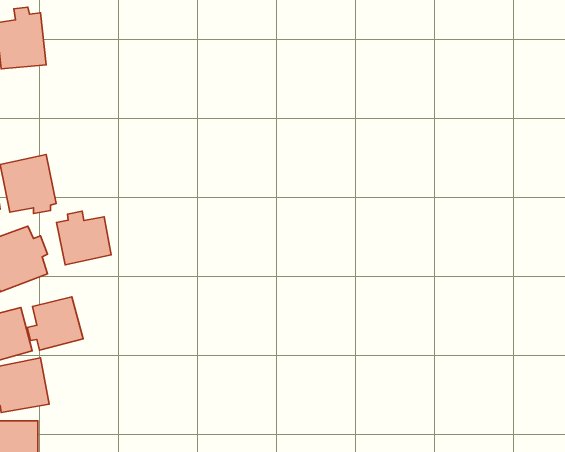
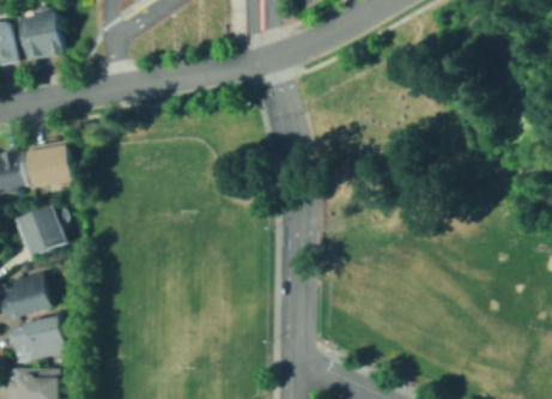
building: [57,211,111,265] -> none
building: [27,297,83,350] -> none

